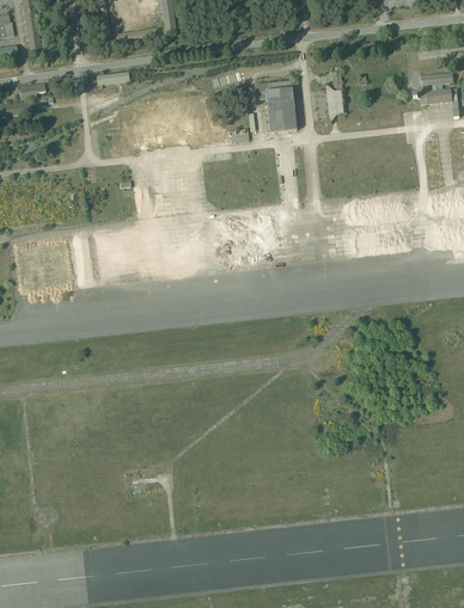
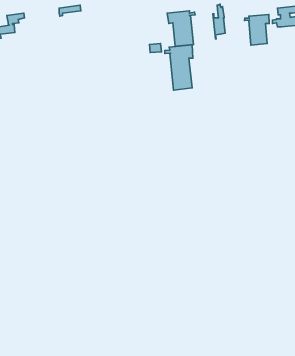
building: none -> [244,15,269,45]
building: none -> [165,45,193,90]

